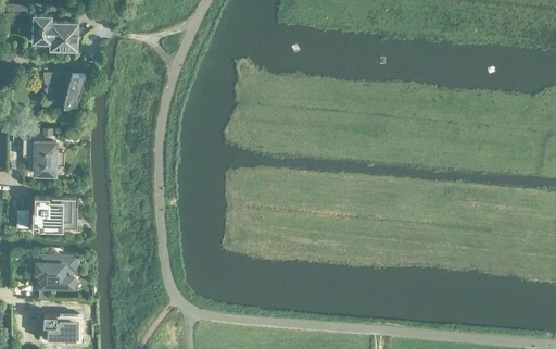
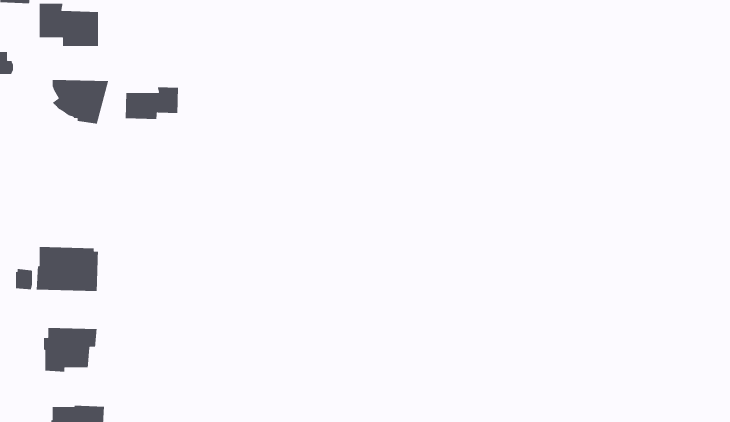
building: none -> [125,87,179,120]
building: [23,139,65,175] -> none

